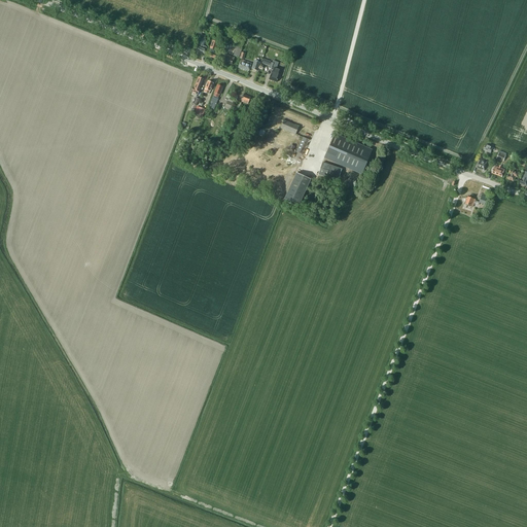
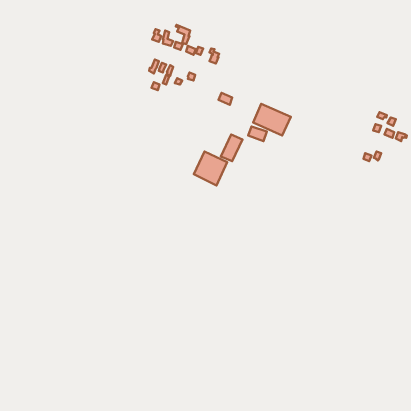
building: none -> [194,152,227,185]

